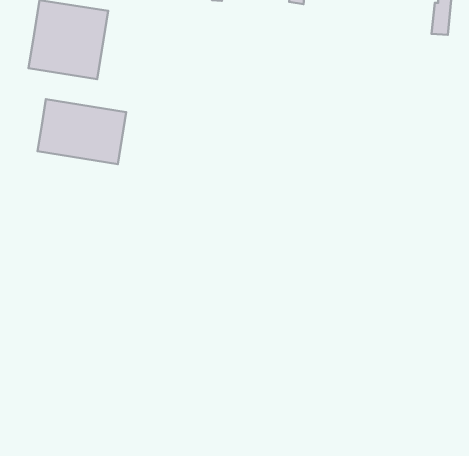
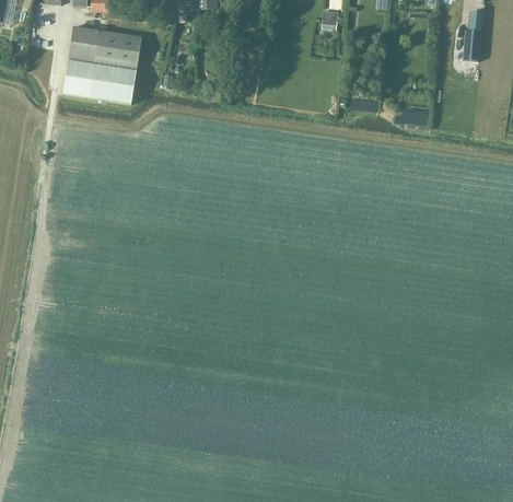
building: [37,99,126,164] -> none

